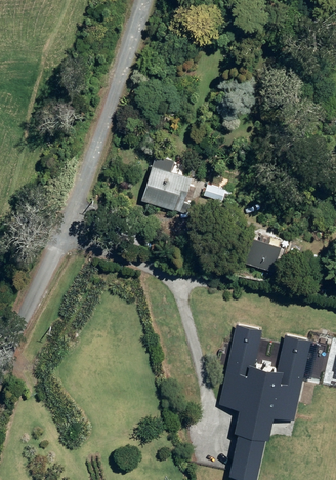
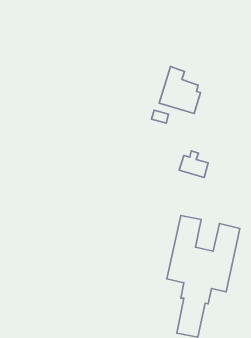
building: [137,159,190,218] -> [159,67,201,114]

